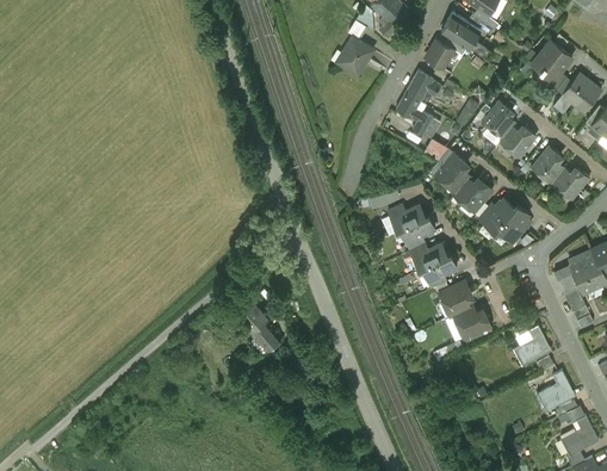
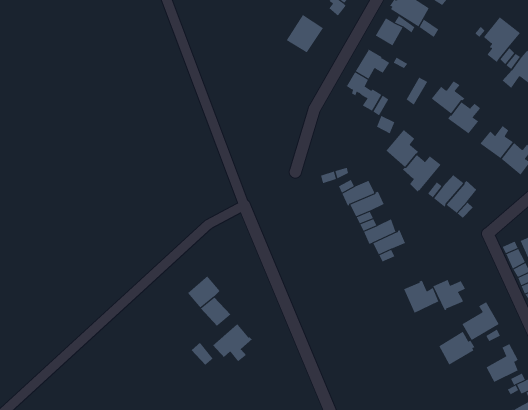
building: [439,284,472,316] -> [433,279,466,311]
building: none -> [212,322,253,362]
building: none -> [439,331,475,366]

